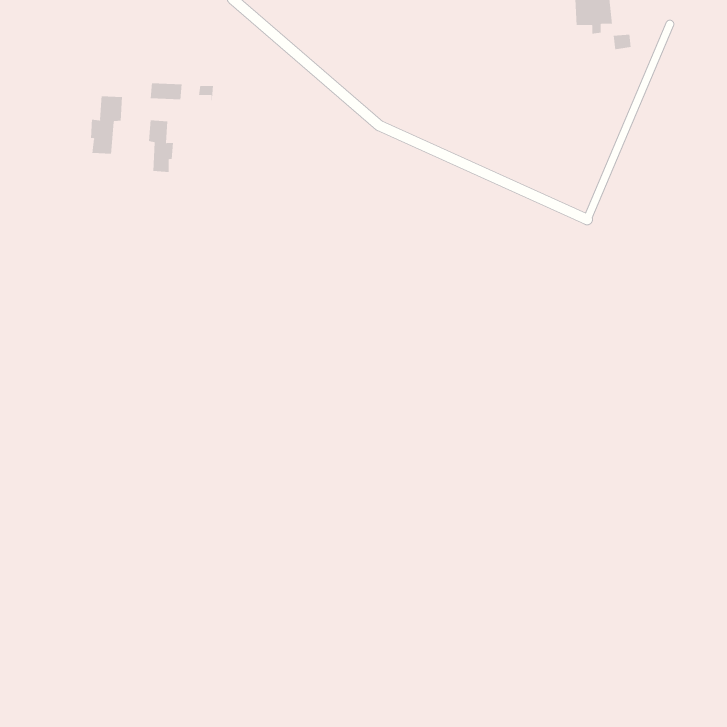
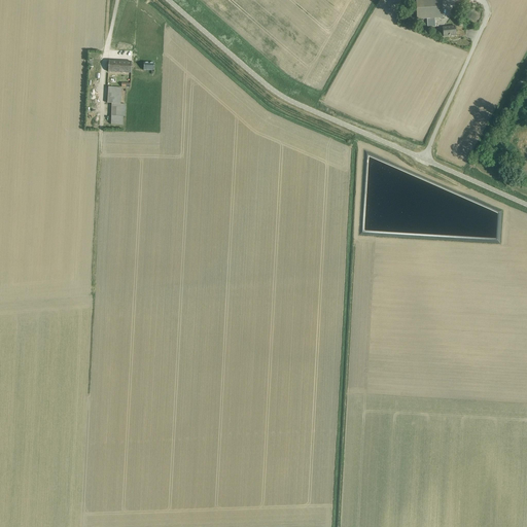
building: [90,95,123,155] -> none

